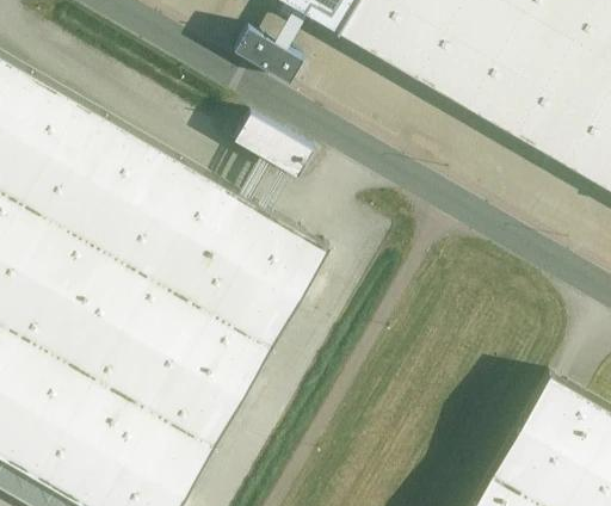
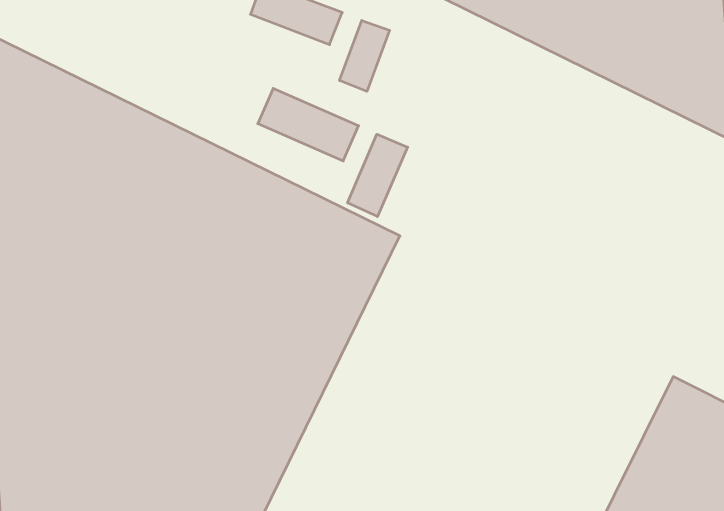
building: none -> [340,20,390,91]
building: none -> [348,134,408,217]

